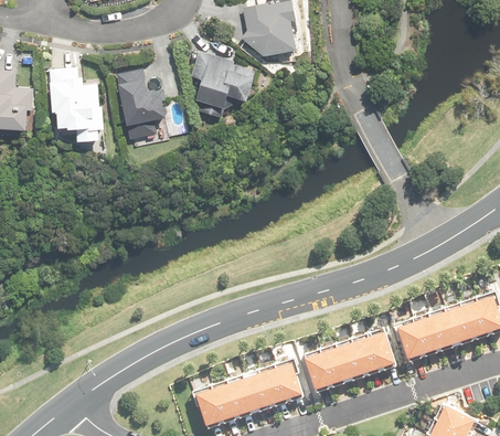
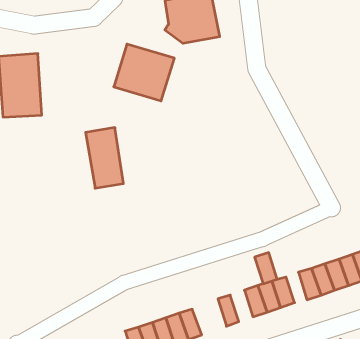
building: [120,72,164,142] -> [86,128,123,188]
building: [317,347,343,383] -> [255,253,277,284]
building: [273,362,300,398] -> none

